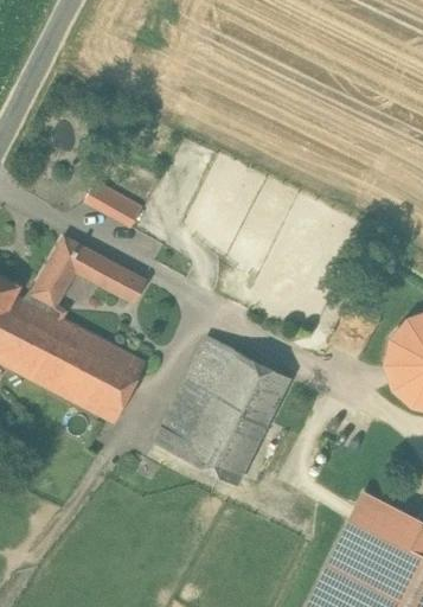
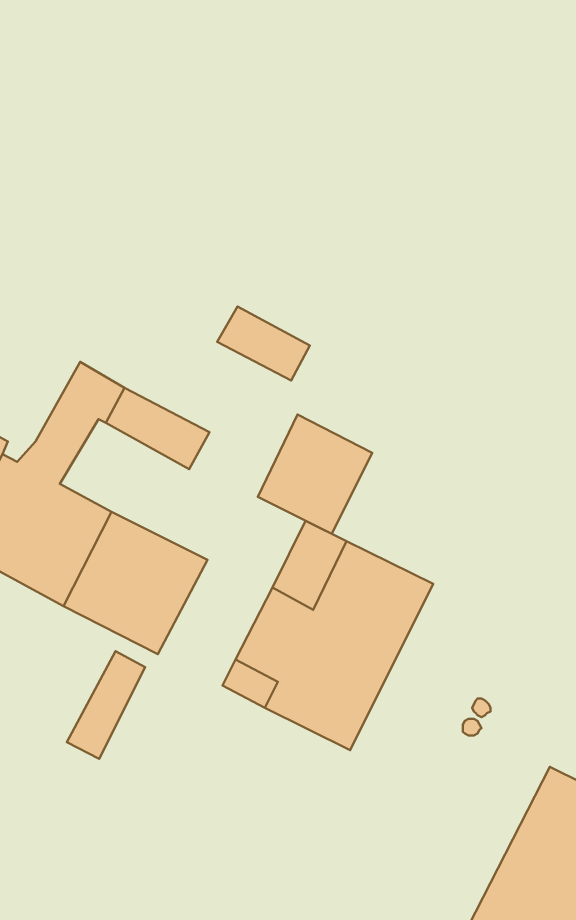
building: [84,181,143,229] -> [217,307,310,381]
building: none -> [258,415,372,534]
building: none -> [67,651,145,759]

